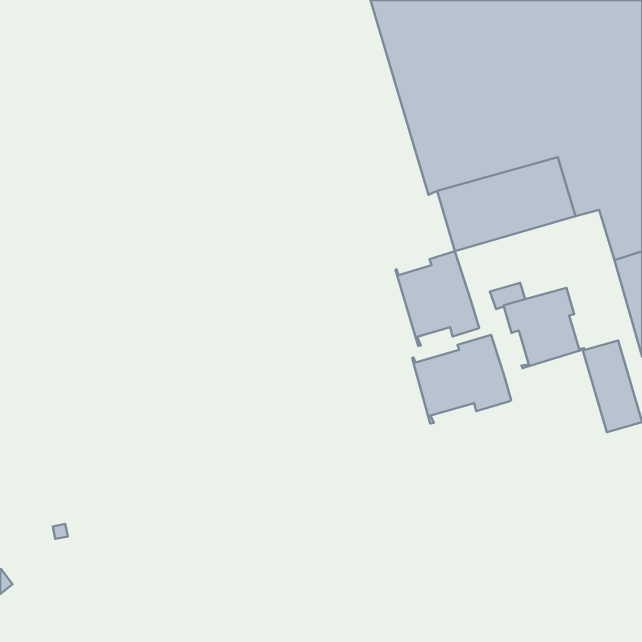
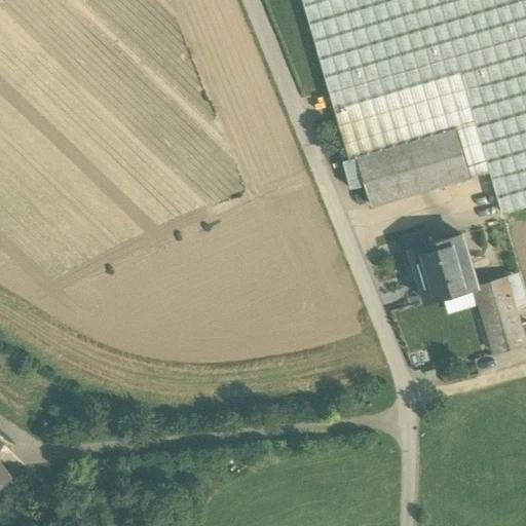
building: [396,251,479,346] -> none
building: [412,335,511,423] -> none

